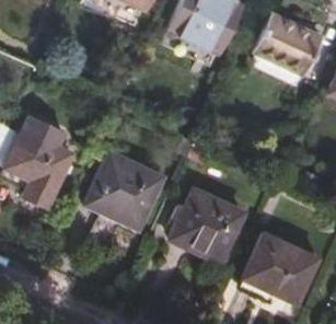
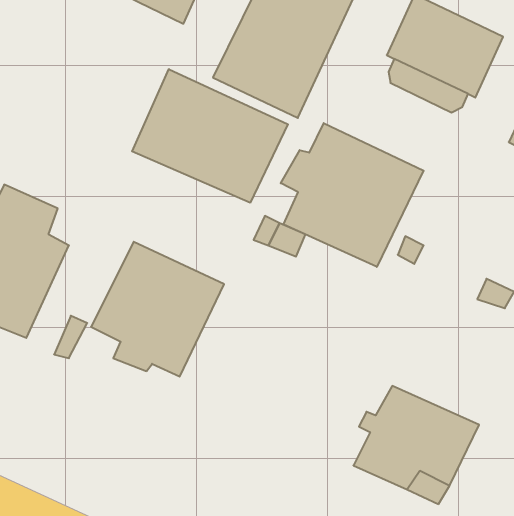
building: none -> [132,69,288,203]
building: none -> [281,123,424,267]
building: [169,195,240,268] -> none

